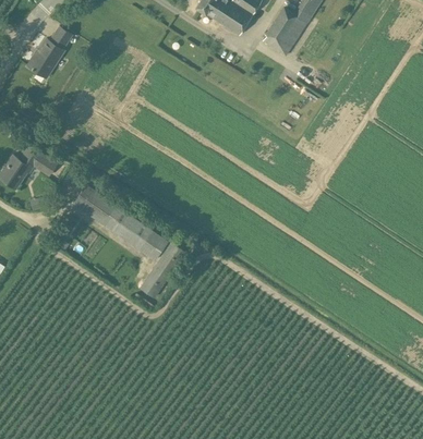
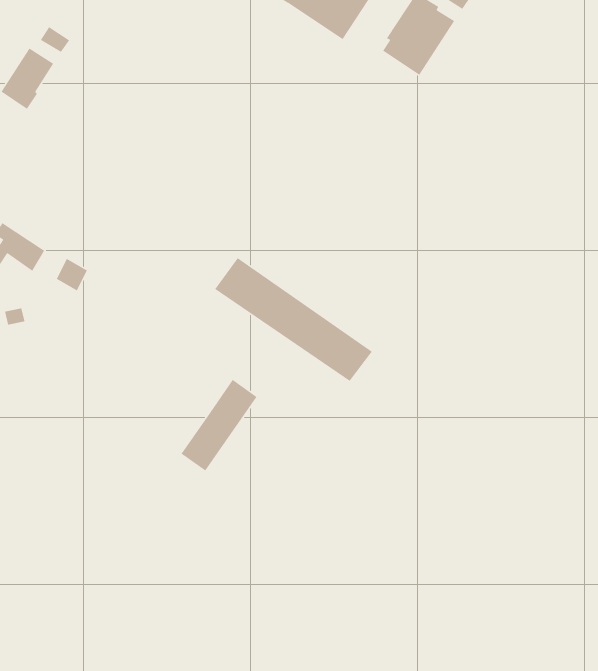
building: [72,184,169,260] -> [214,257,373,382]

